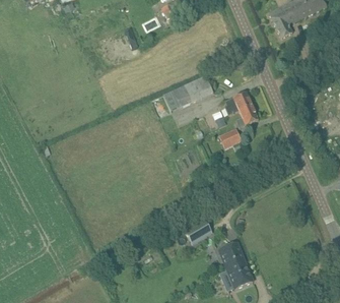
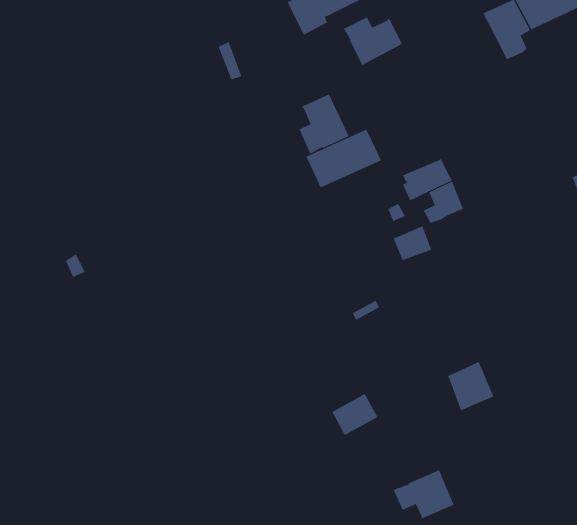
building: none -> [343,16,403,66]
building: none -> [299,94,349,154]
building: [219,243,245,270] -> [448,361,494,411]

